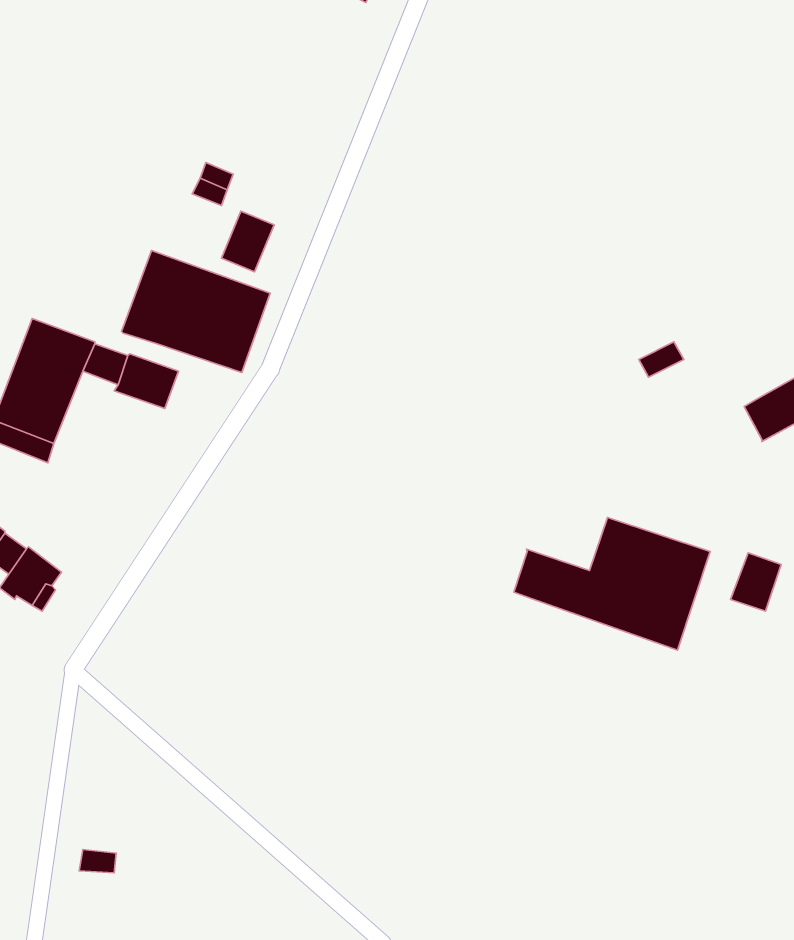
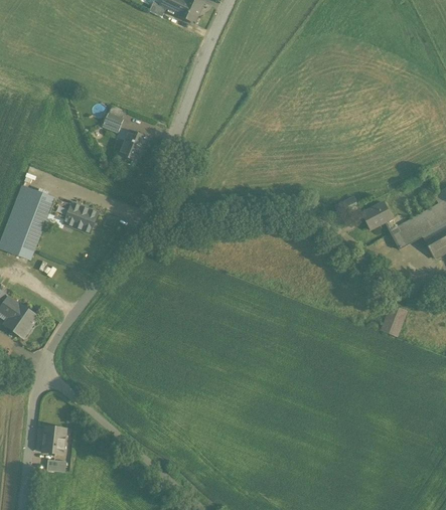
building: [122,251,270,372] -> none
building: none -> [360,201,396,230]
building: [514,517,710,650] -> none
building: none -> [41,426,64,454]

